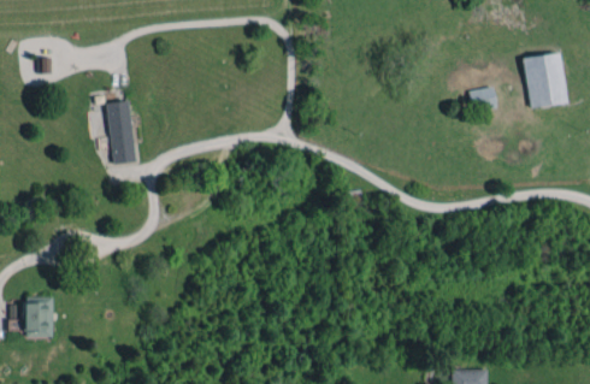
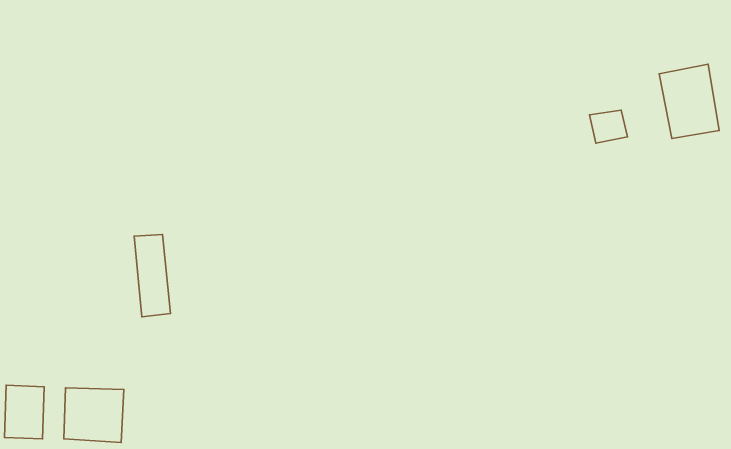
building: [108,101,136,164] -> [134,235,170,317]
building: none -> [64,388,124,443]

